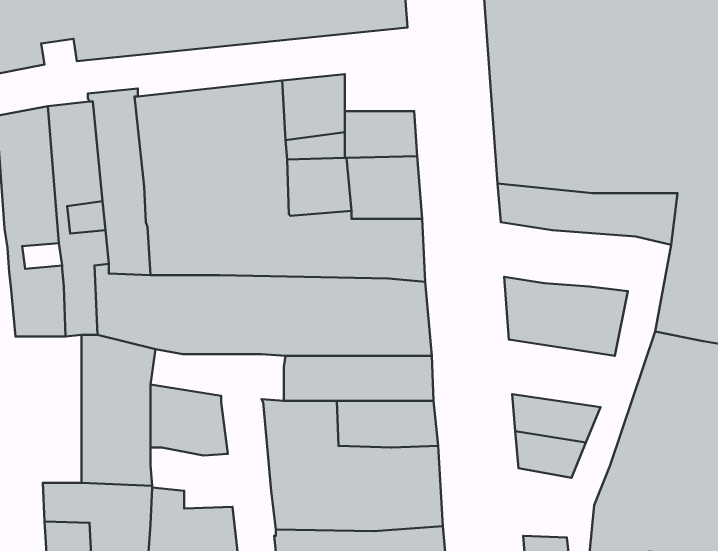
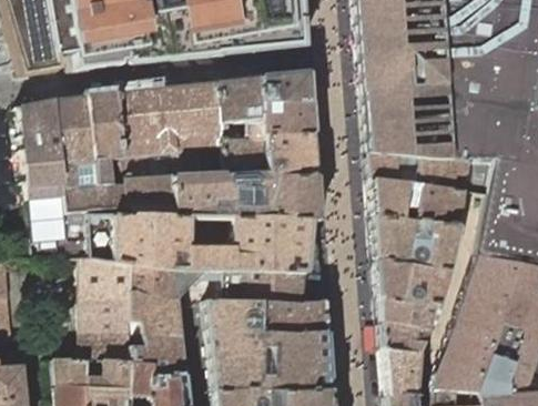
building: none -> [265,71,313,101]
building: none -> [373,177,466,225]
building: none -> [378,258,451,305]
building: none -> [131,265,207,297]
building: none -> [131,333,187,375]
building: none -> [385,347,422,395]

